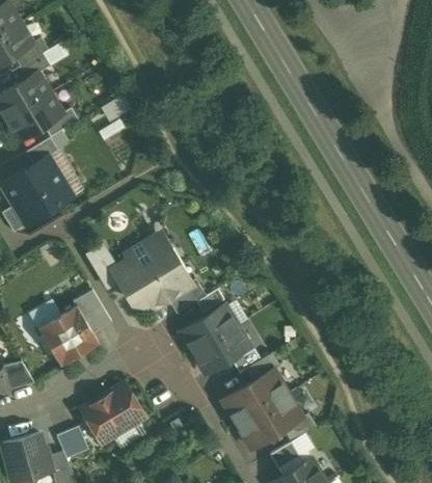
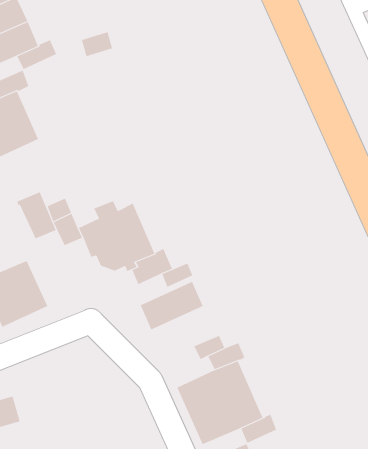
building: [72,290,110,332] -> [17,192,56,239]
building: [192,325,248,373] -> none
building: [82,385,142,440] -> none

